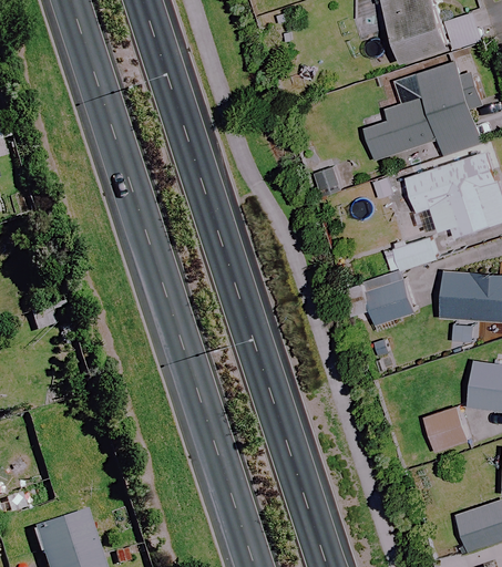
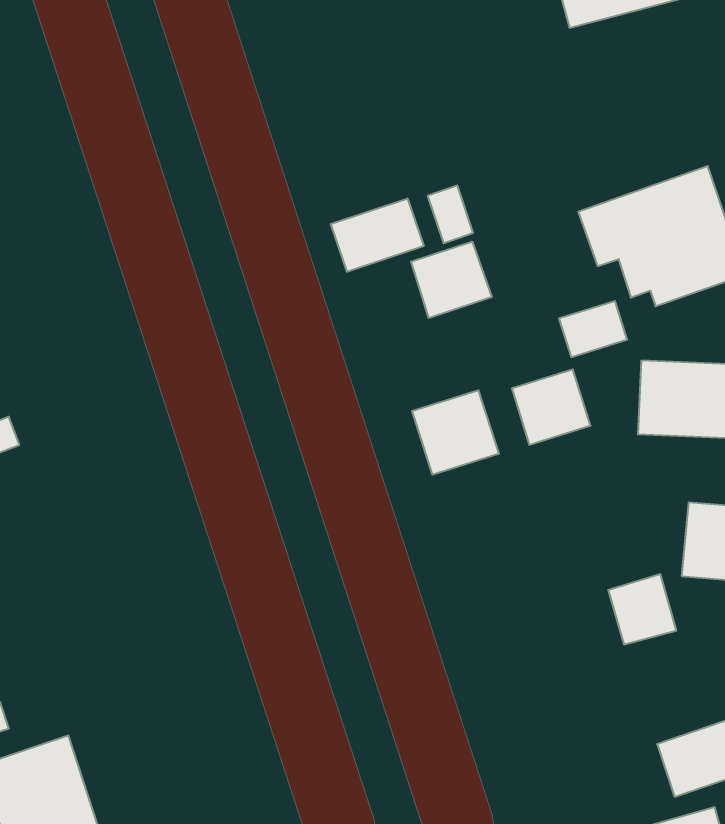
building: [362,61,481,161] -> none
building: none -> [331,198,424,272]
building: none -> [411,242,492,318]
building: none -> [412,390,499,475]

